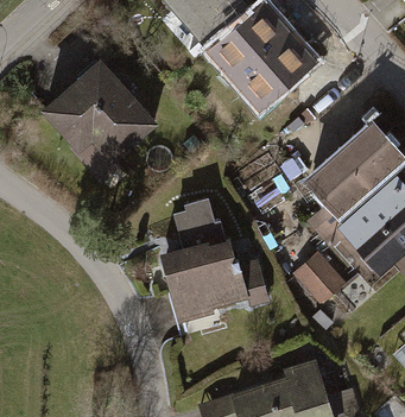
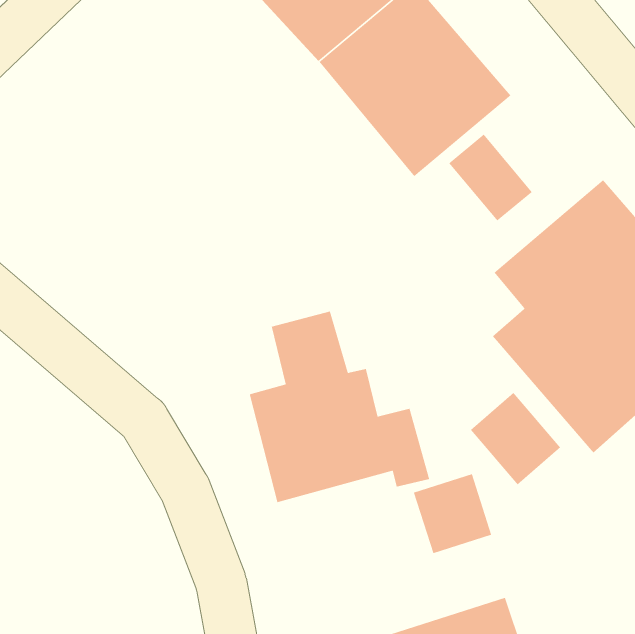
building: [38,57,163,181] -> none
building: none -> [448,134,533,222]
building: none -> [413,473,492,554]

